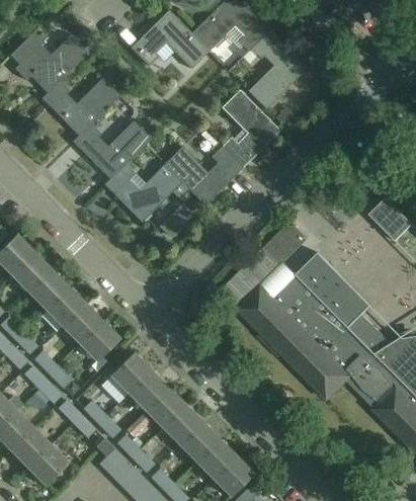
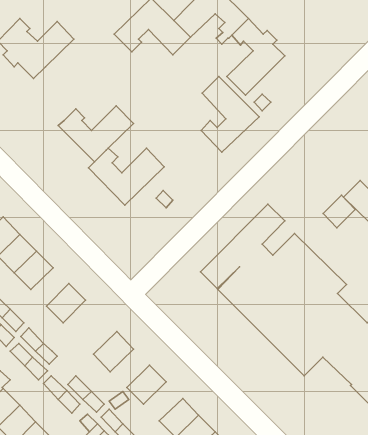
building: [43,77,120,136] -> none
building: [165,146,243,205] -> none
building: none -> [323,195,355,228]
building: [46,287,85,327] -> none
building: [79,321,119,362] -> none
building: [128,371,168,411] -> none
building: [162,405,202,445] -> none

